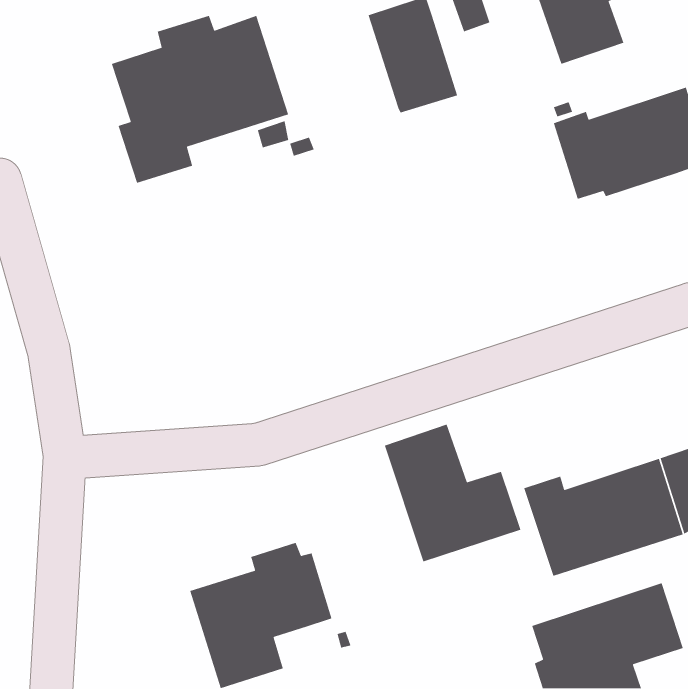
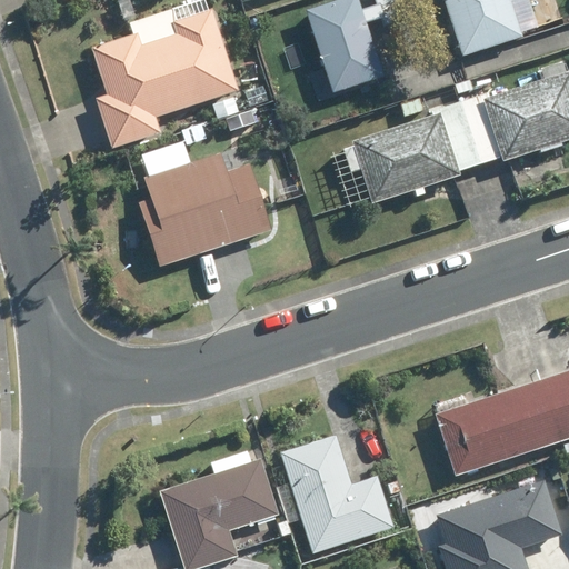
building: none -> [349,101,477,206]
building: none -> [141,158,273,271]
building: [384,423,522,563] -> [280,435,393,549]

